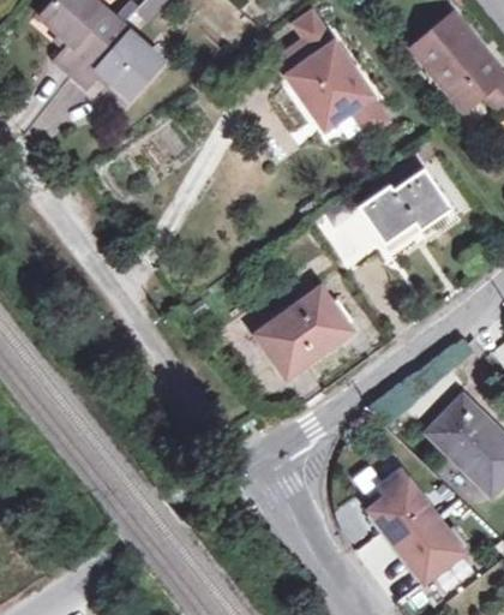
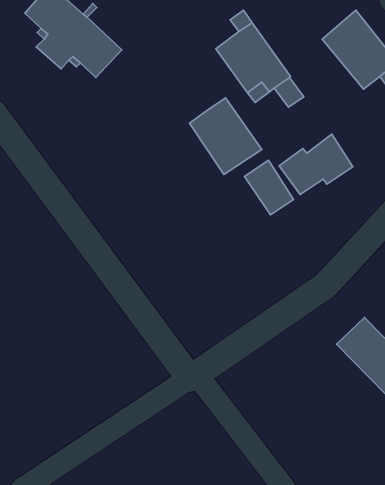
building: none -> [189,98,262,174]
building: [253,288,349,377] -> none
building: [372,482,472,581] -> none

